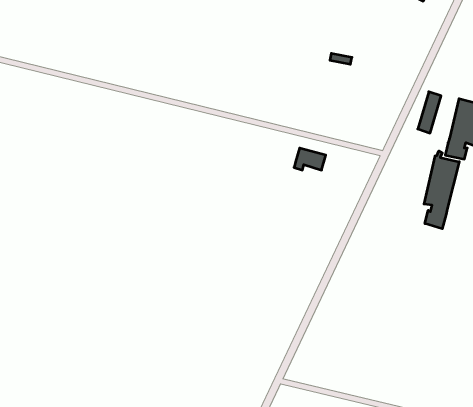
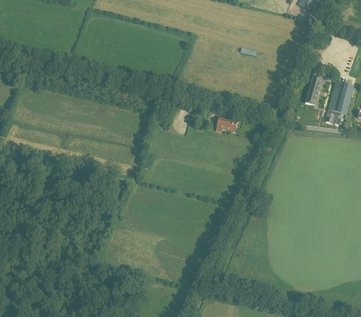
building: [424,151,459,229] -> none

